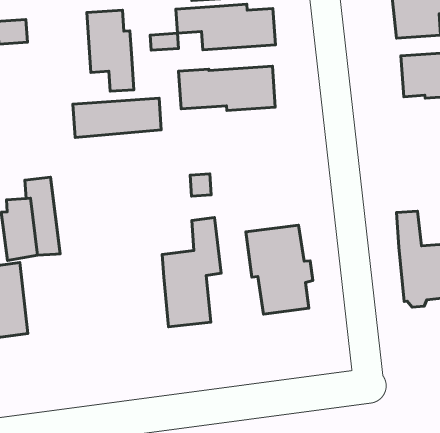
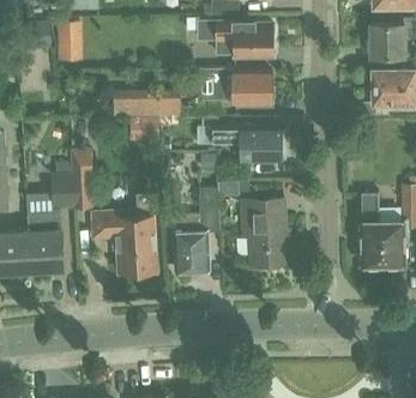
building: [87,10,134,91] -> none
building: none -> [213,127,282,163]
building: none -> [91,195,156,276]

